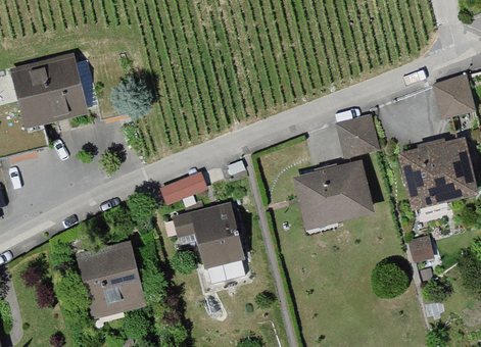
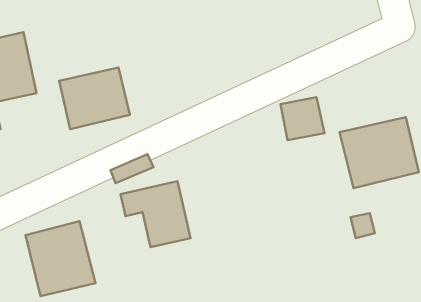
building: [430,73,474,118] -> none
building: none -> [59,67,130,129]
building: [292,160,376,229] -> none

